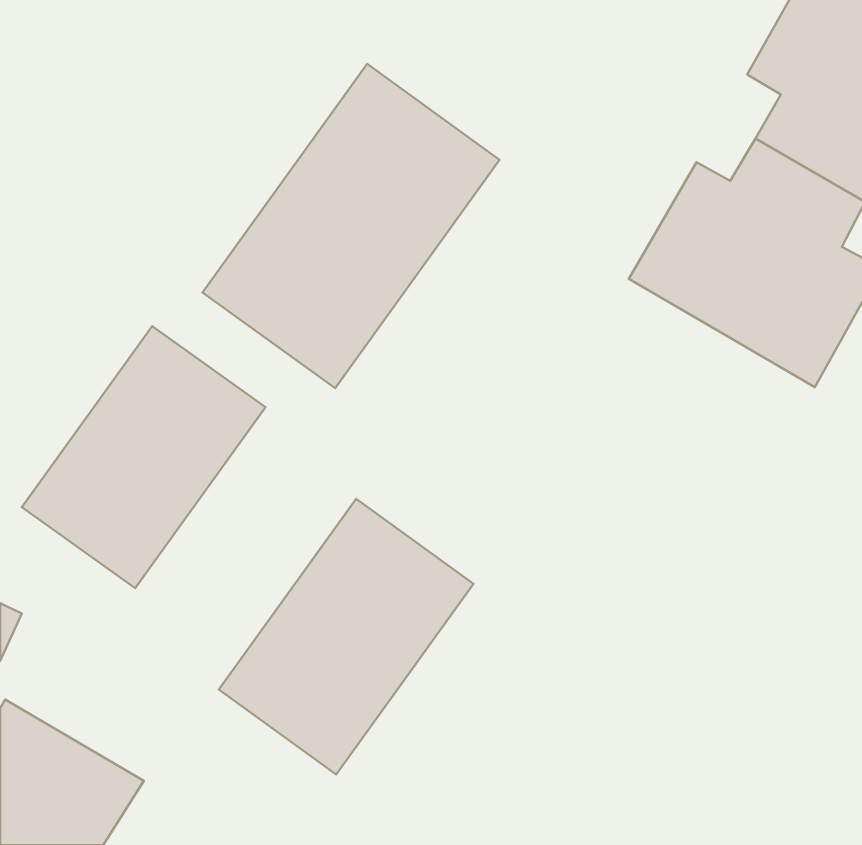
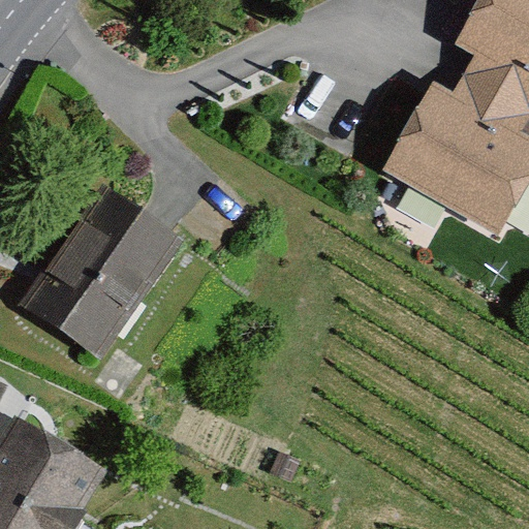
building: [203,64,500,388] -> none
building: [219,499,473,774] -> none

